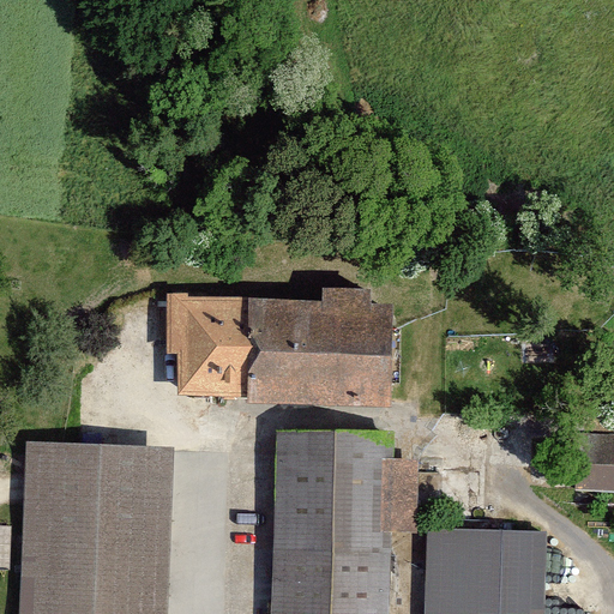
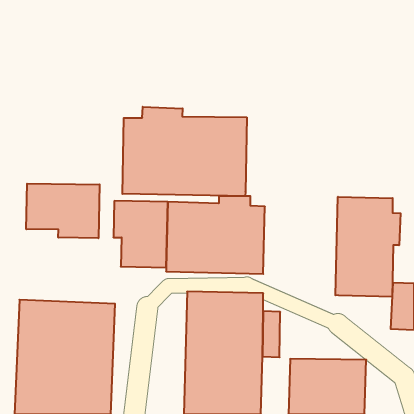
building: none -> [122,107,247,196]
building: none -> [26,184,100,238]
building: none -> [335,197,401,297]

